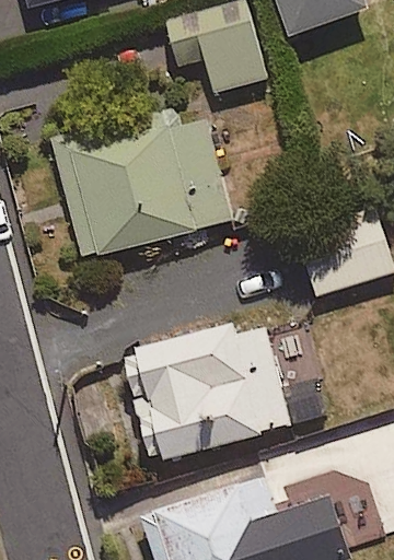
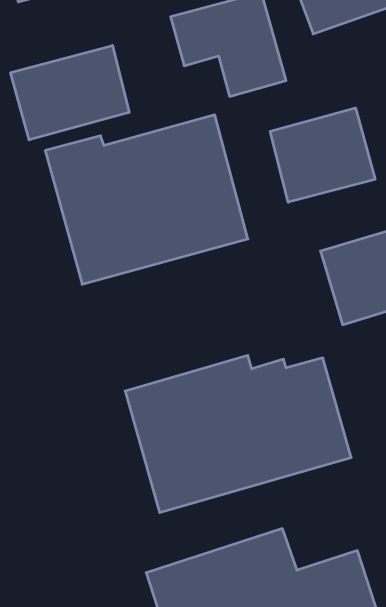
building: none -> [11,45,129,140]
building: none -> [270,108,375,202]

